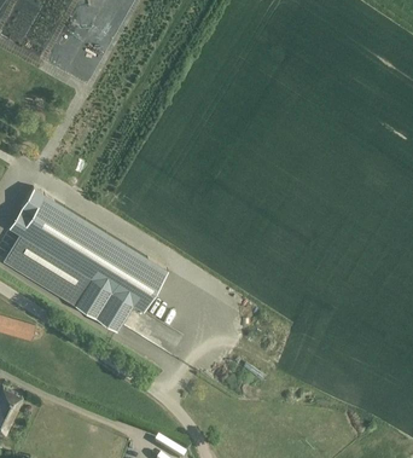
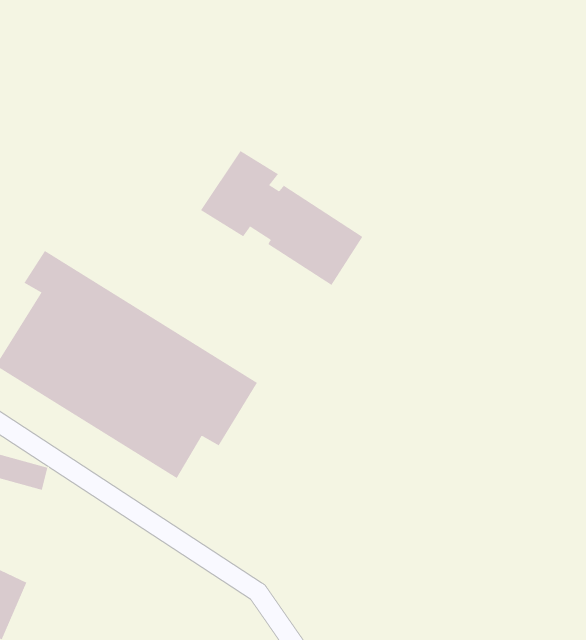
building: none -> [200,150,363,286]

